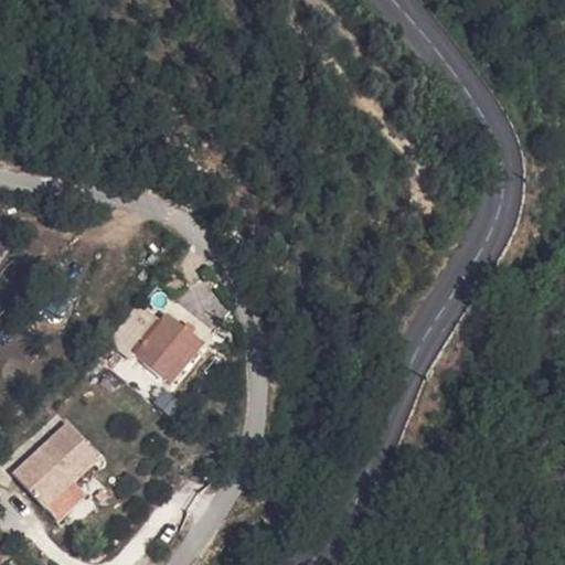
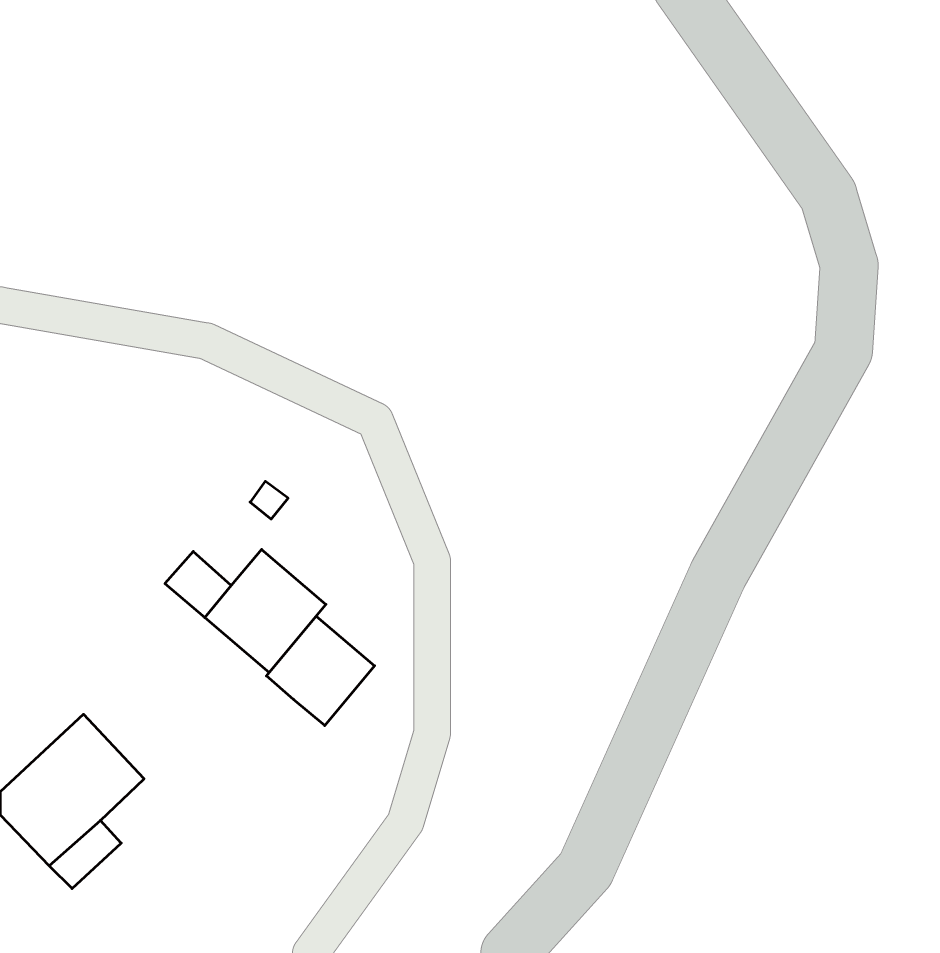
building: none -> [266,616,375,726]

